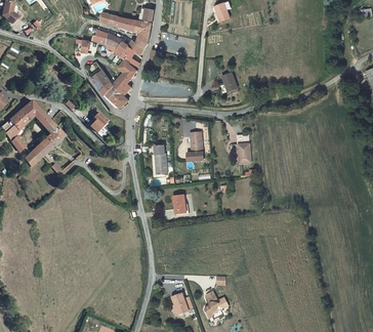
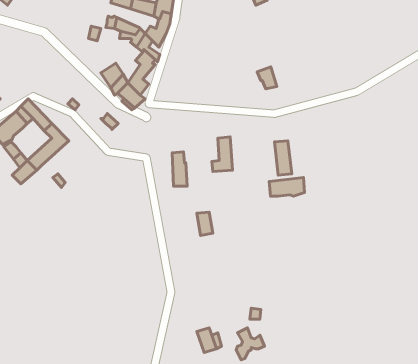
building: none -> [269,178,305,196]

